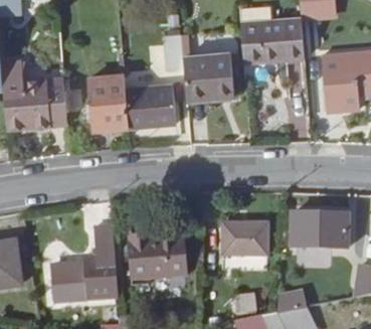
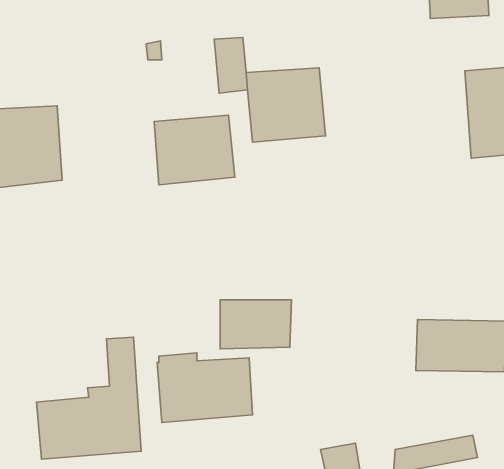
building: [240,17,304,60] -> none
building: [89,73,129,130] -> none
building: [223,222,268,254] -> [220,300,291,349]

